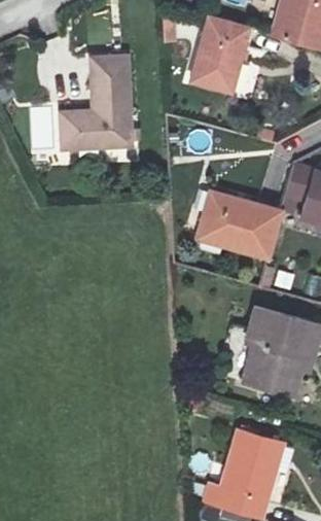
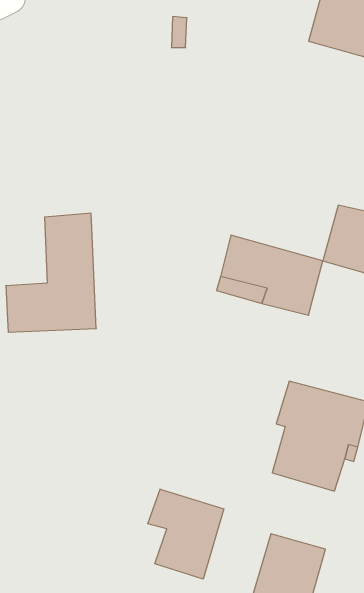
building: [190,16,248,92] -> none
building: [61,58,133,152] -> [6,213,96,332]
building: none -> [148,489,224,579]

